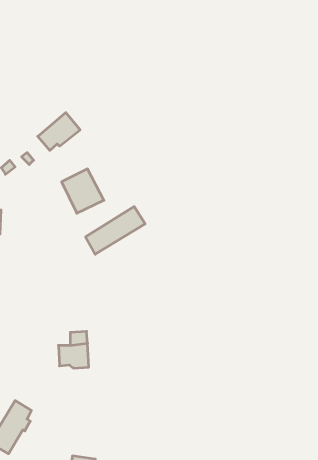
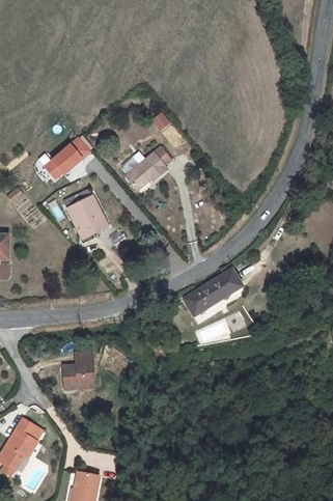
building: none -> [127,147,170,190]
building: [86,207,145,254] -> [185,270,242,315]

